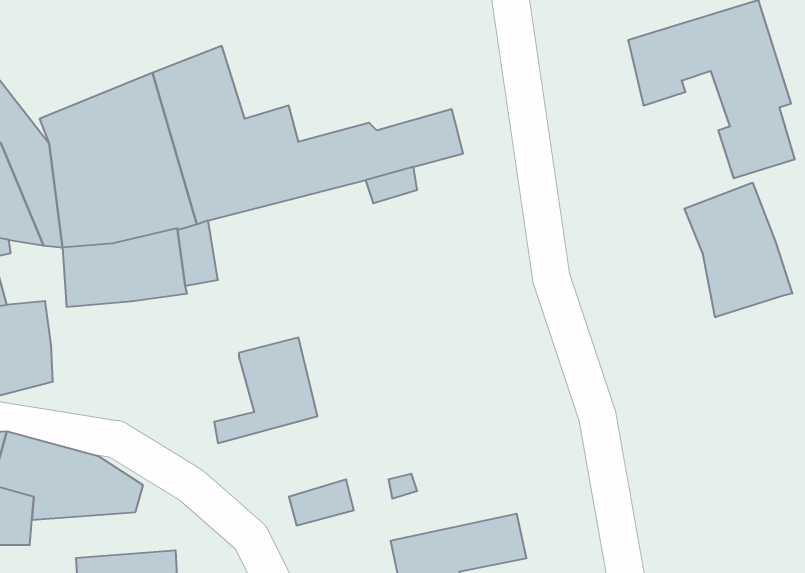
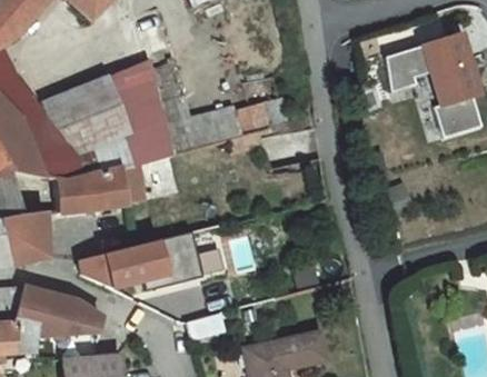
building: [685,183,792,317] -> none
building: none -> [79,241,166,287]

